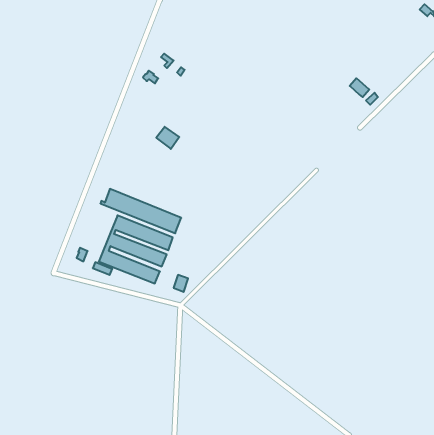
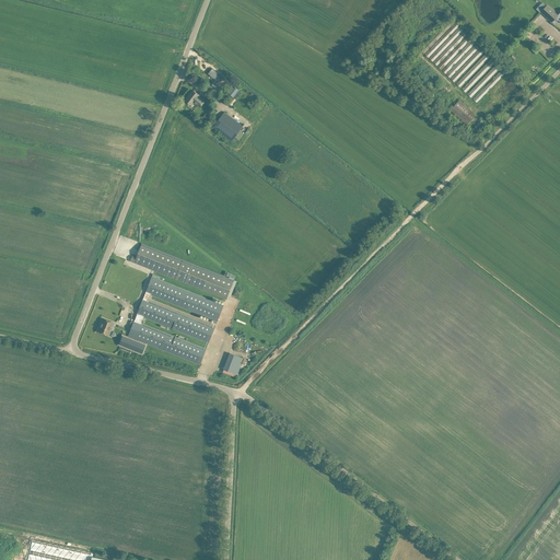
building: [156,127,179,149] -> [212,113,242,141]

